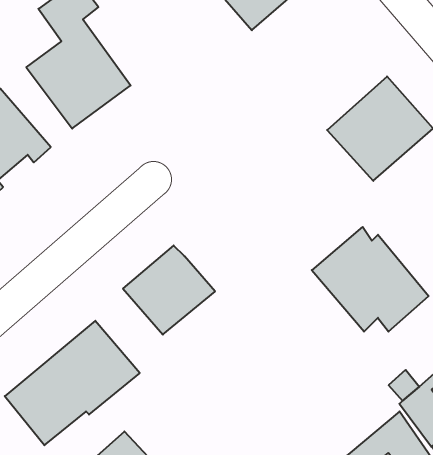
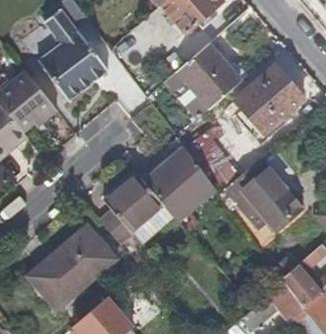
building: none -> [176,41,244,110]
building: none -> [189,130,237,185]
building: none -> [143,150,214,221]

